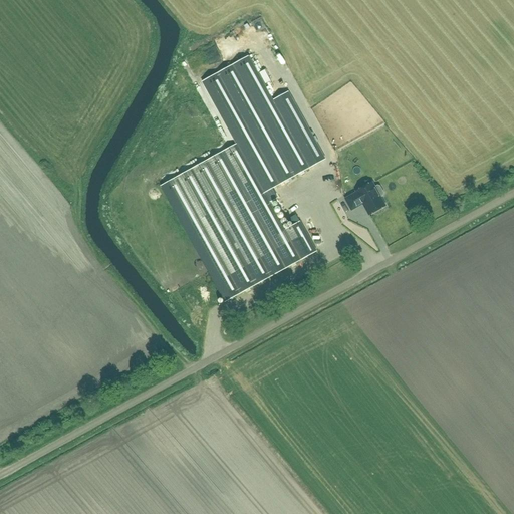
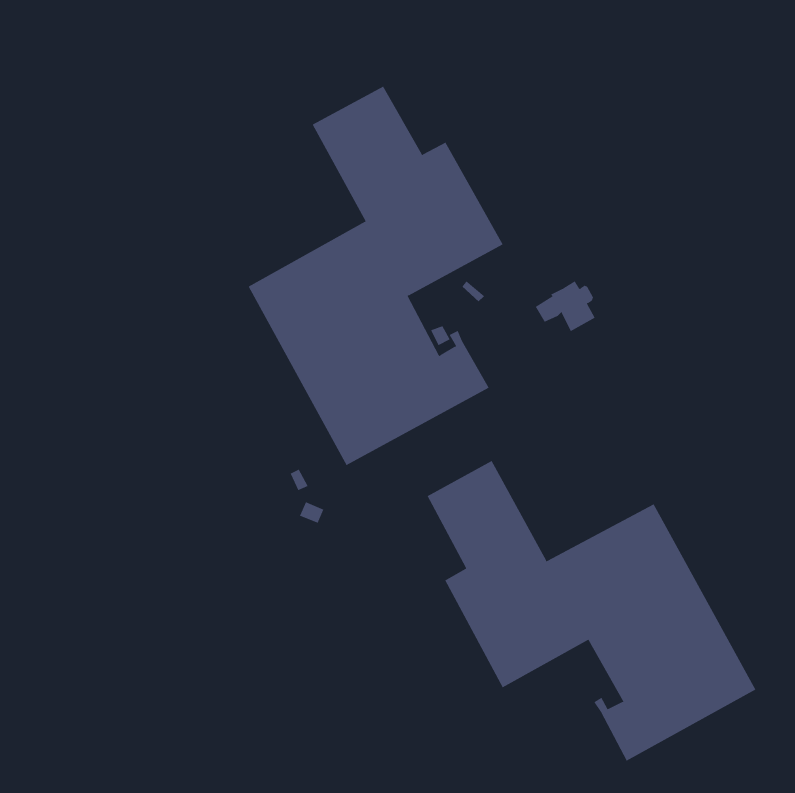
building: none -> [427,460,756,761]

